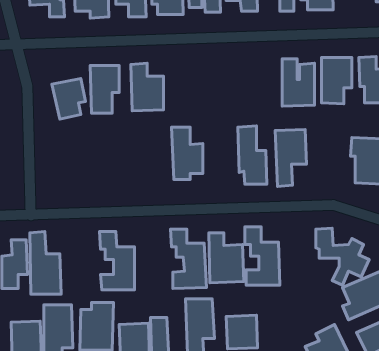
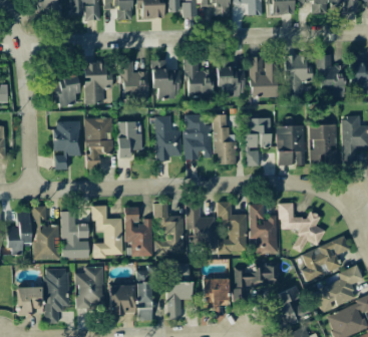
building: none -> [218,58,245,95]
building: none -> [186,59,213,100]
building: none -> [151,60,177,99]
building: none -> [183,114,212,159]
building: none -> [84,117,112,166]
building: none -> [52,120,81,170]
building: none -> [117,121,142,158]
building: none -> [277,125,306,165]
building: none -> [249,204,278,253]
building: none -> [124,207,152,257]
building: none -> [61,211,89,258]
building: none -> [234,263,279,297]

